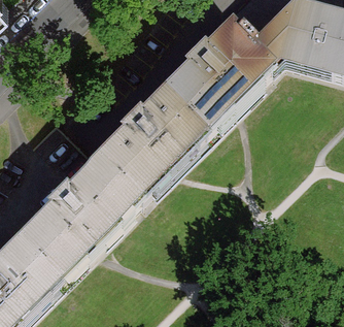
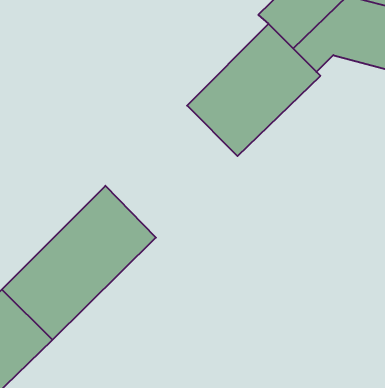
building: [98,99,203,204] -> none

